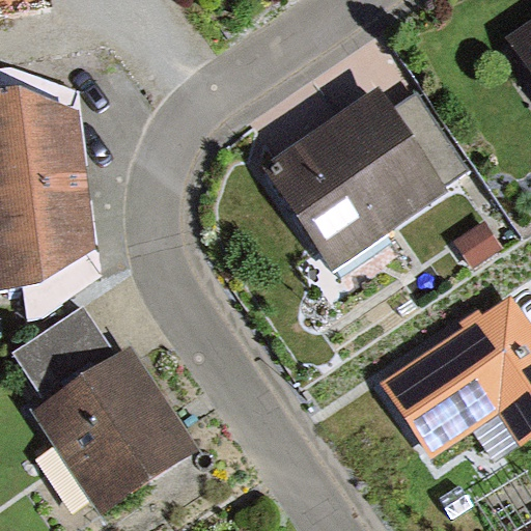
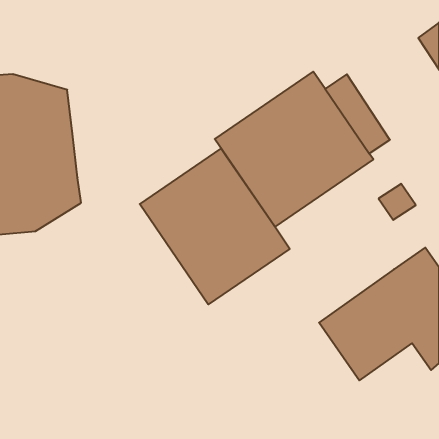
building: none -> [140,148,290,304]
building: [10,308,201,515] -> none

